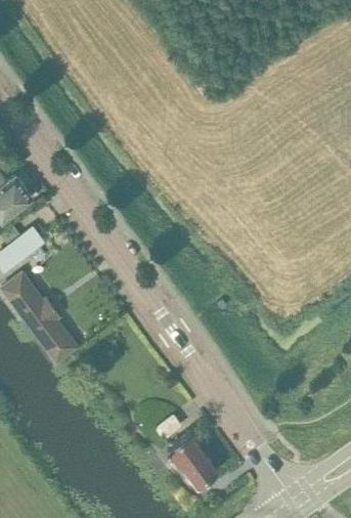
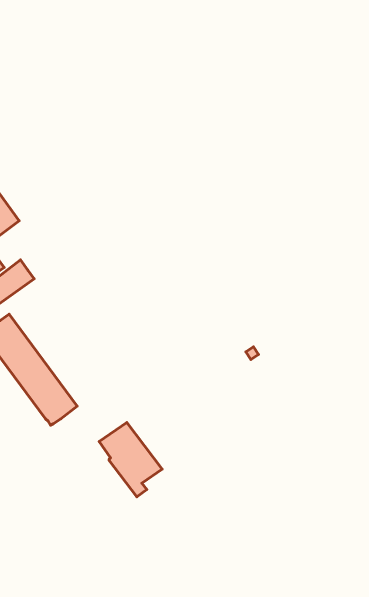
building: [167,432,218,492] -> [99,423,162,497]

